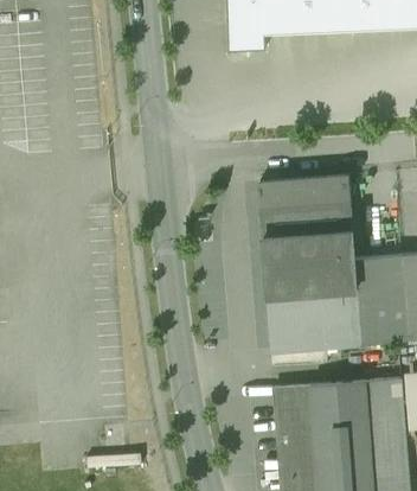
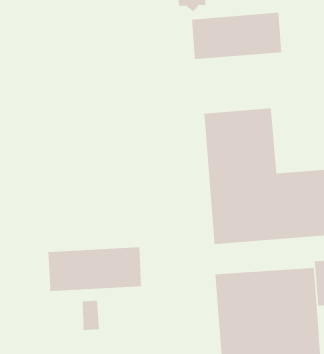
building: none -> [191,12,282,60]
building: none -> [47,246,142,292]

